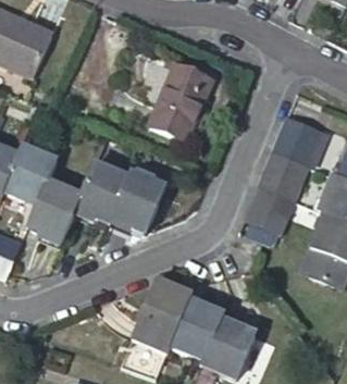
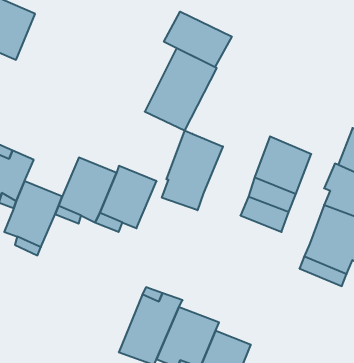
building: none -> [164,12,232,67]
building: [269,111,319,160] -> none
building: none -> [162,131,223,210]

